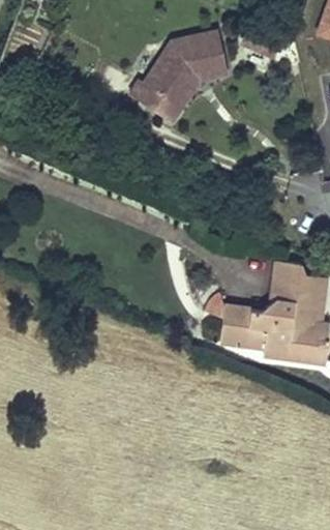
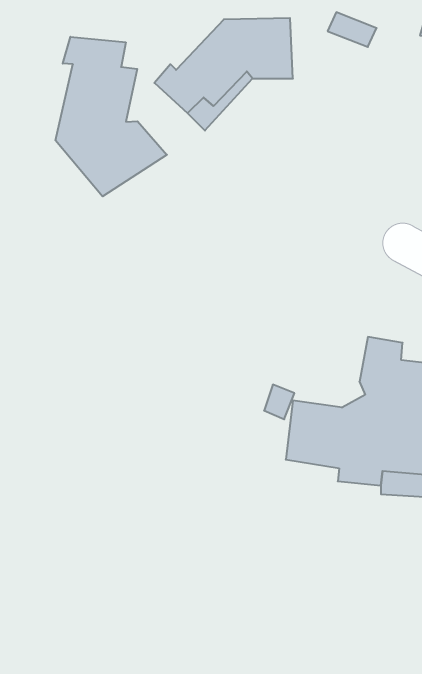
building: none -> [56,37,167,196]

